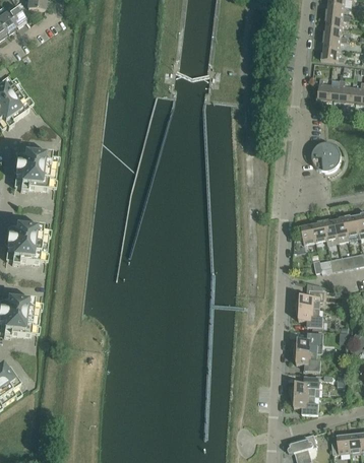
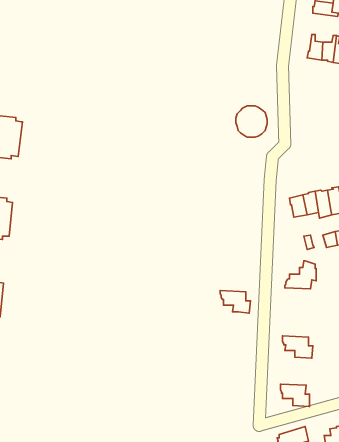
building: [311,142,340,171] -> [236,106,267,137]
building: [295,307,322,327] -> [220,291,250,313]
building: [293,332,321,351] -> none
building: [291,376,319,395] -> none

